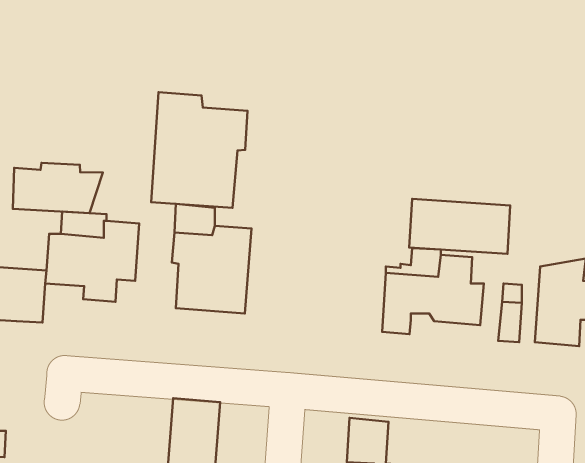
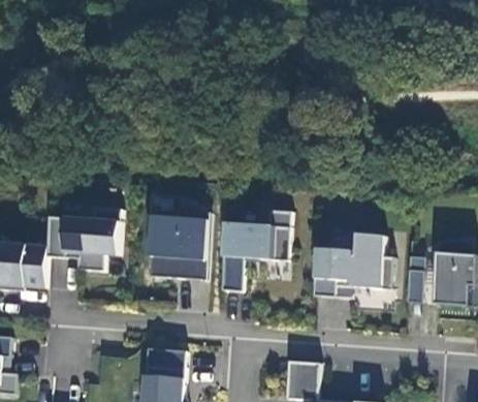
building: [151,92,247,208] -> none
building: [13,163,103,213] -> none
building: [409,199,510,254] -> none
building: none -> [221,209,291,290]

